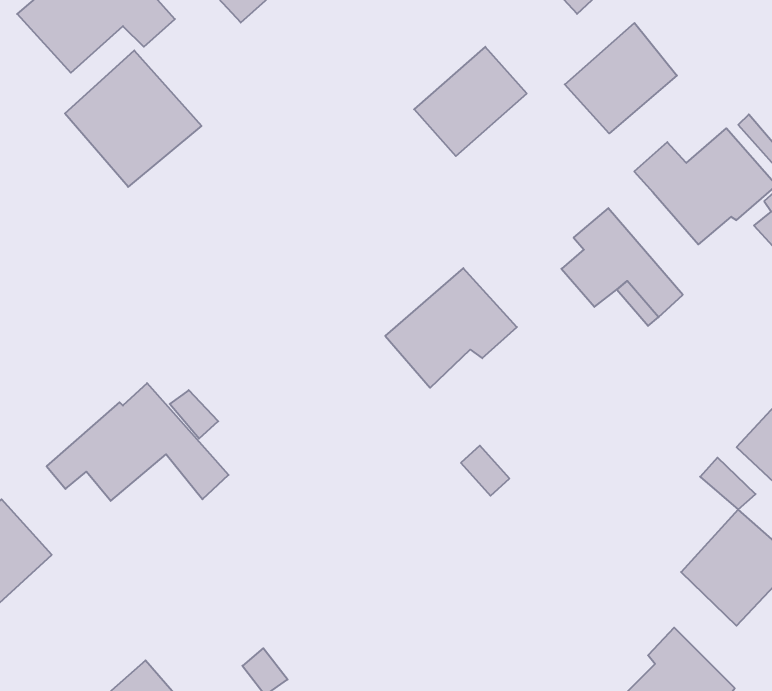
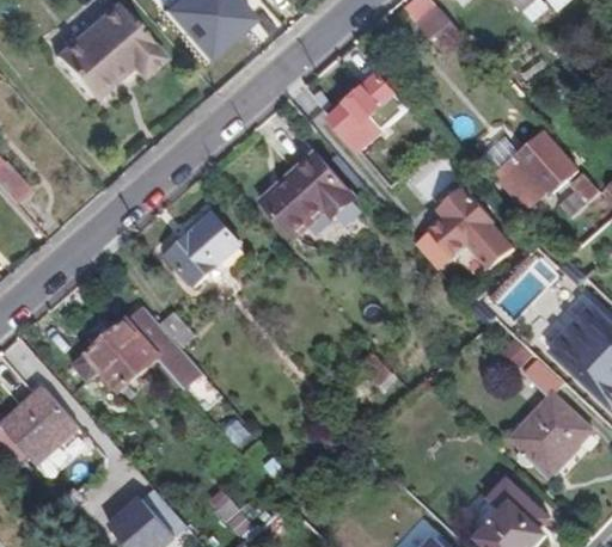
building: [565,23,677,133] -> none
building: [65,50,201,187] -> none
building: none -> [165,213,239,285]
building: [385,268,517,388] -> [263,154,354,236]

